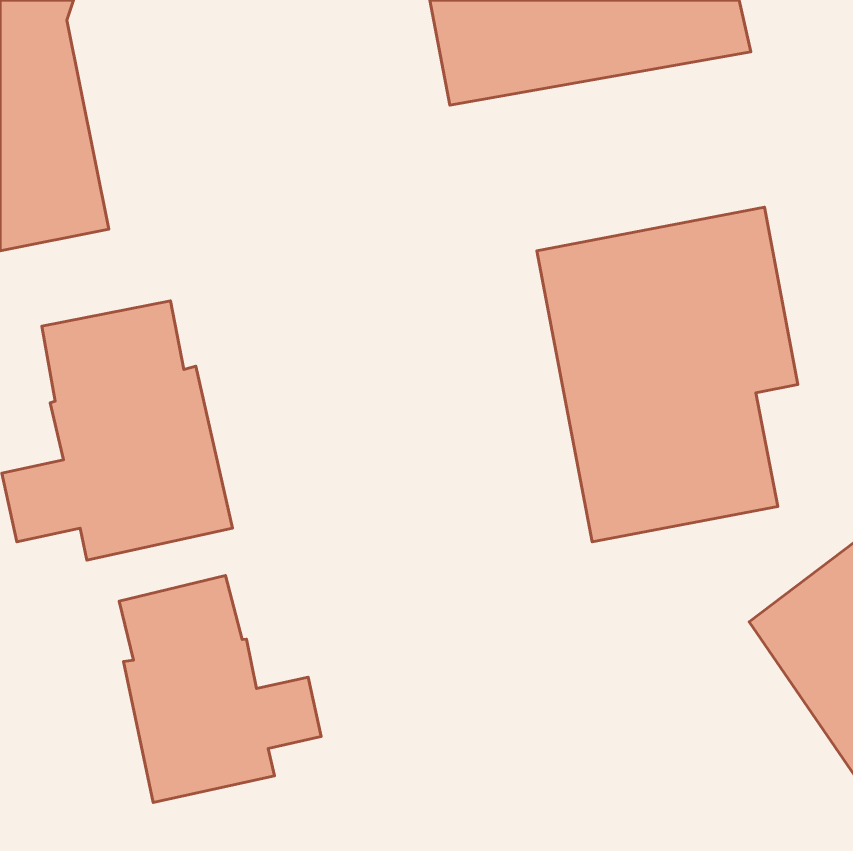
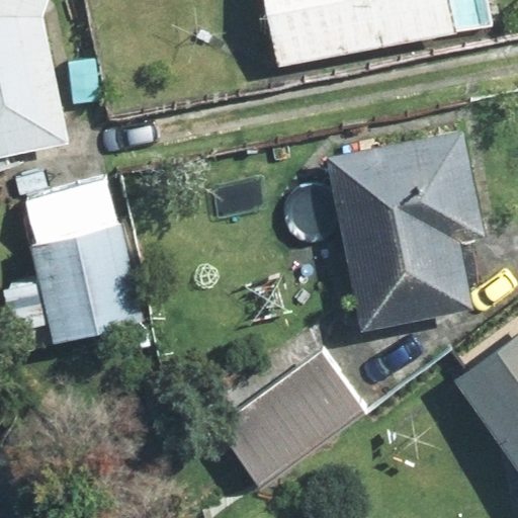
building: none -> [215,350,366,489]
building: [119,575,321,802] -> none

